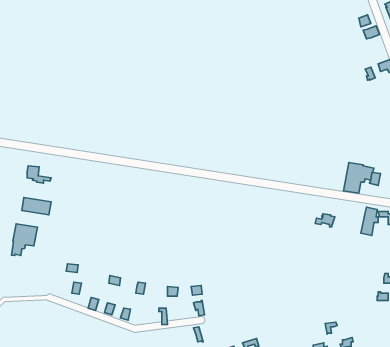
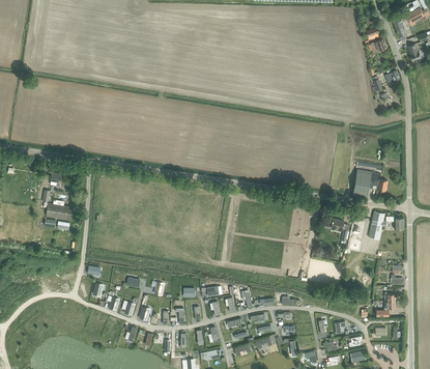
building: [11,224,37,256] -> none

